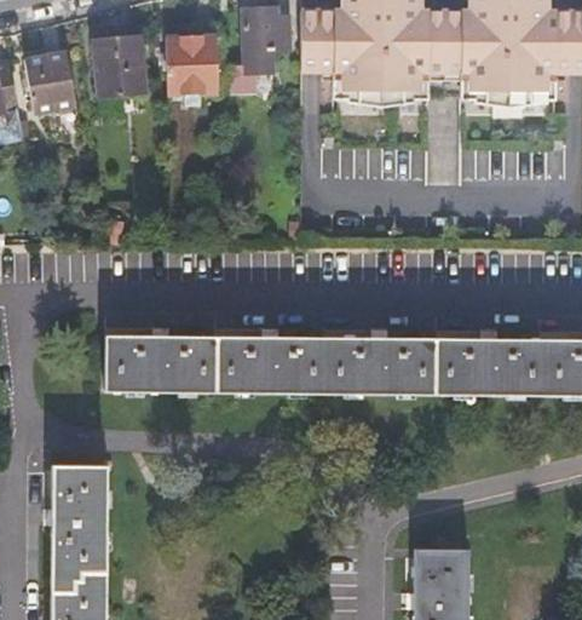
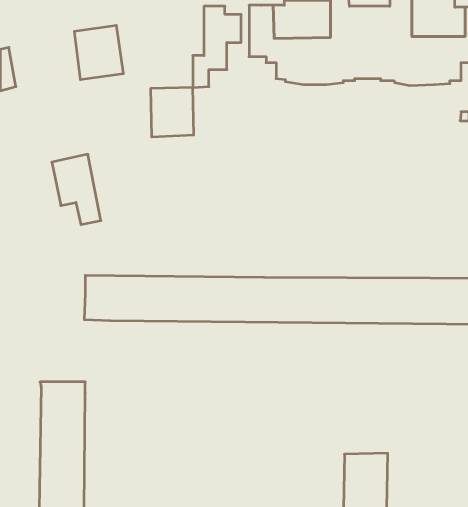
building: [168,34,220,93] -> [151,88,194,137]
building: [25,48,85,133] -> [52,154,101,225]

